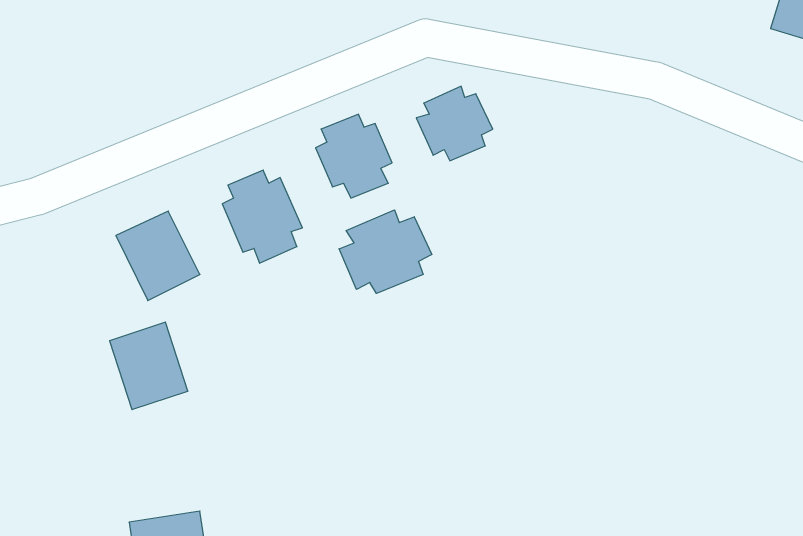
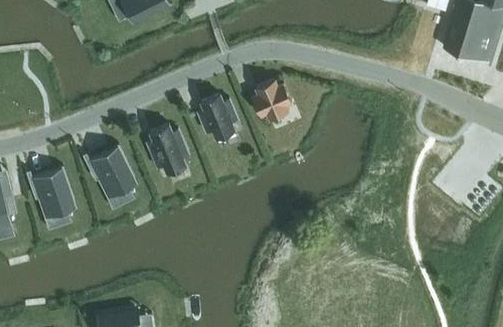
building: [339,210,432,293] -> none
building: [110,322,188,410] -> [32,169,74,216]

